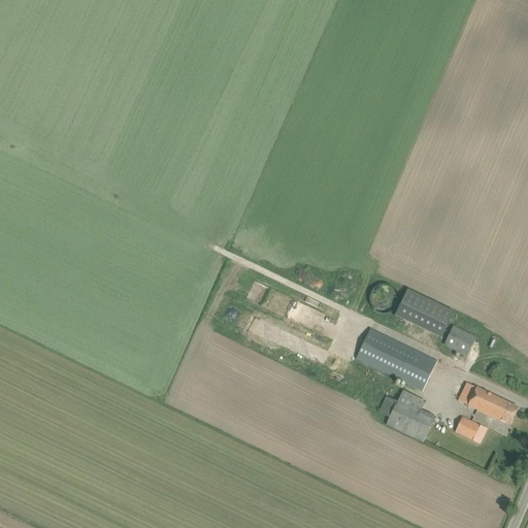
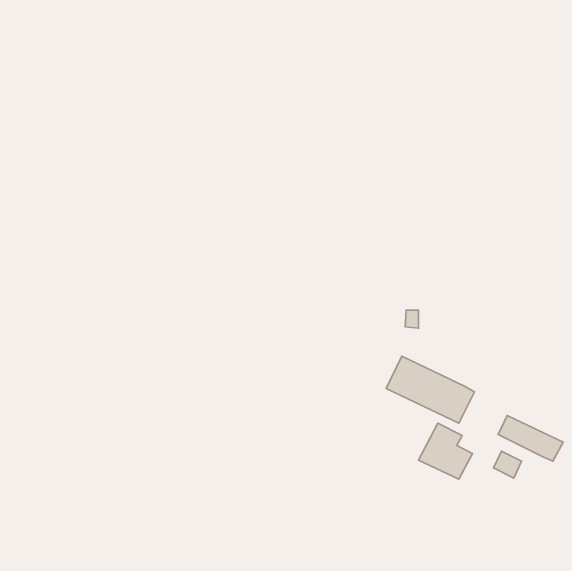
building: [395,287,454,335] -> none
building: [444,326,476,356] -> none

